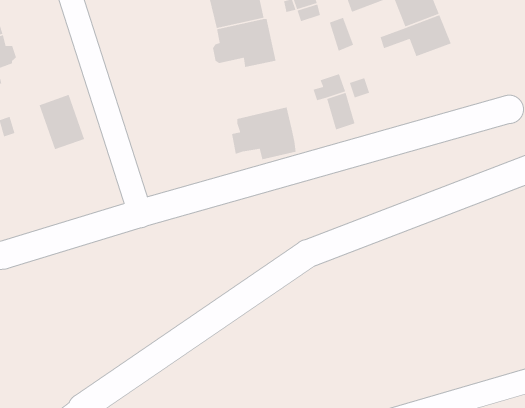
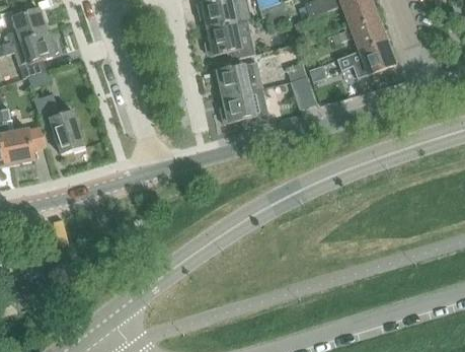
building: none -> [329,40,394,73]
building: none -> [217,62,261,96]
building: [38,94,85,150] -> [49,111,84,153]

